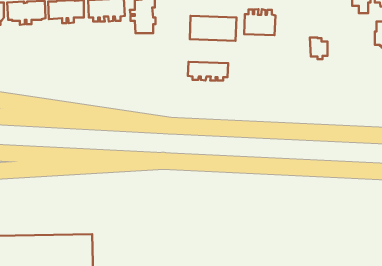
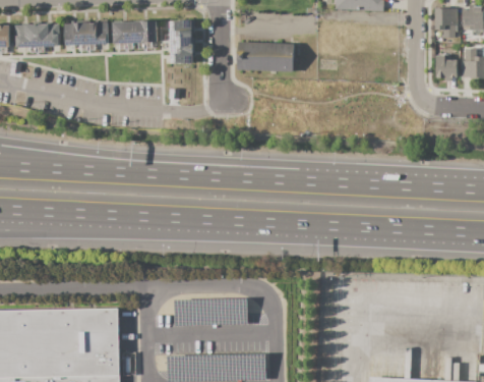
building: [244,9,275,35] -> none
building: [310,37,327,59] -> [435,55,457,81]
building: [188,62,228,81] -> none

